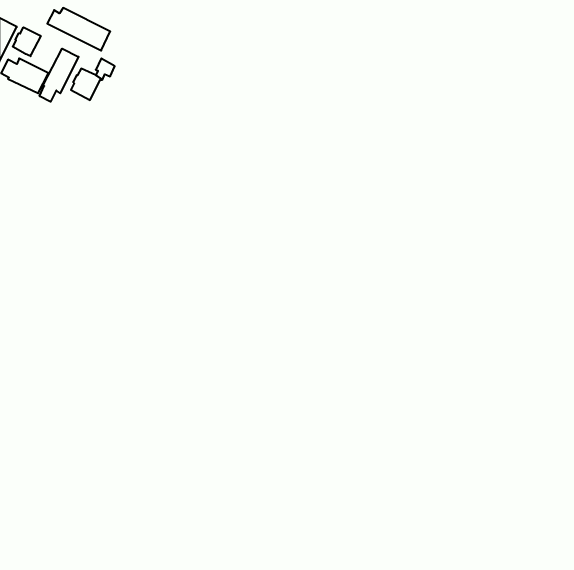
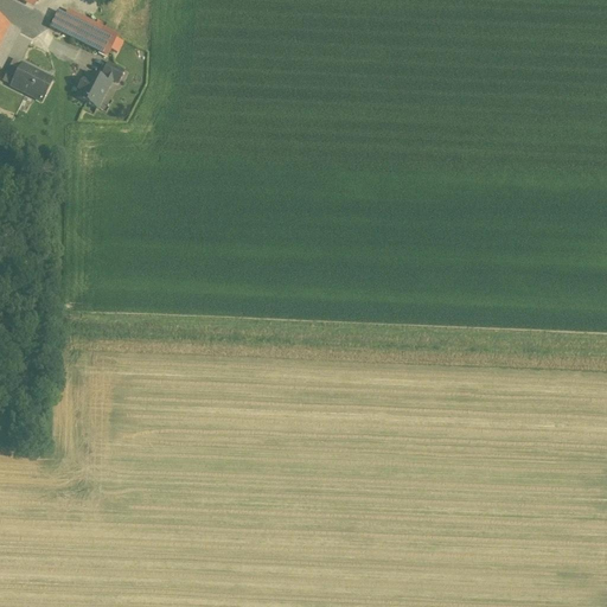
building: [13,27,41,56] -> none
building: [40,49,79,102] -> none

